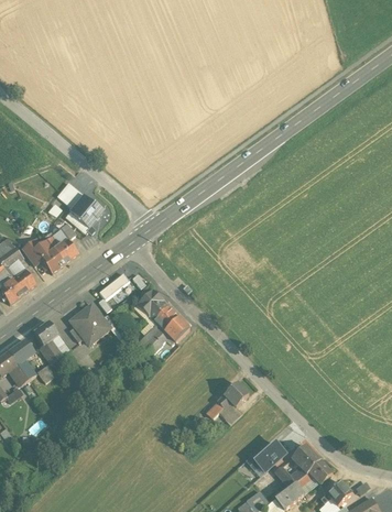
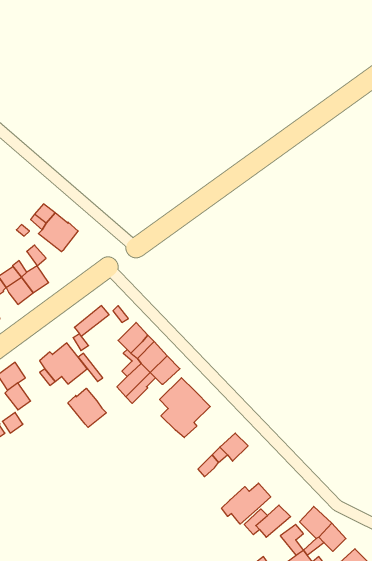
building: none -> [160,378,210,438]
building: none -> [68,388,106,427]
building: none -> [222,483,271,524]

